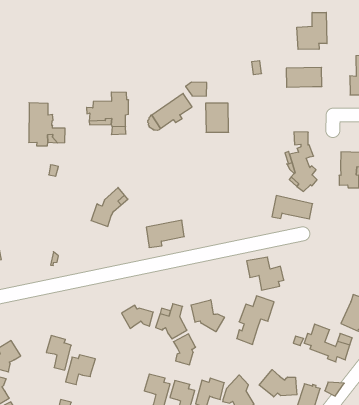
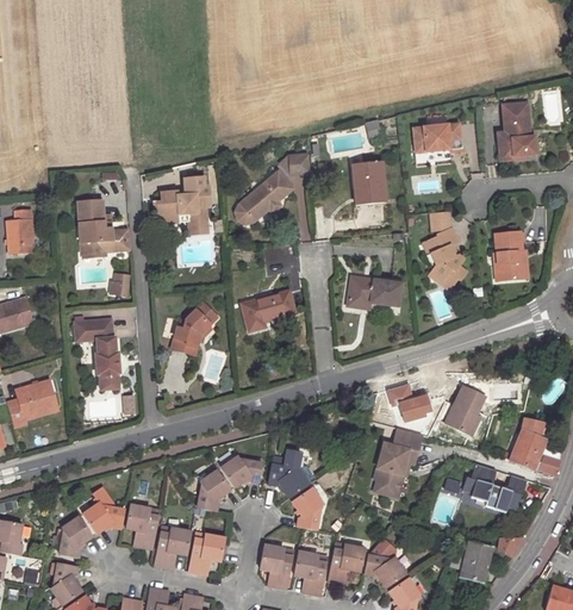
building: [297,12,327,49] -> none
building: [206,103,229,132] -> [351,163,385,204]
building: none -> [75,318,120,388]
building: [272,196,313,219] -> [348,276,400,306]
building: [146,220,184,247] -> [243,291,294,330]
building: none -> [441,386,485,436]
building: [191,300,224,332] -> none
building: none -> [199,471,230,511]
building: none -> [82,487,125,533]
building: none -> [188,534,225,573]
building: [259,370,297,397] -> none

